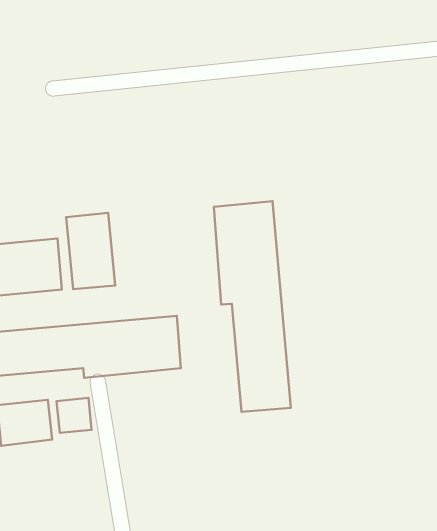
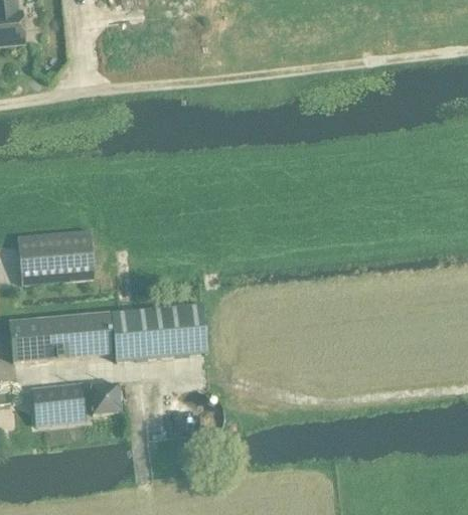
building: [214,201,291,412] -> none
building: [66,213,115,289] -> none

